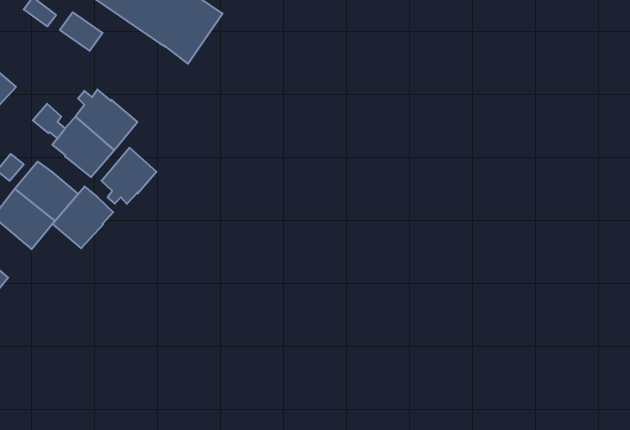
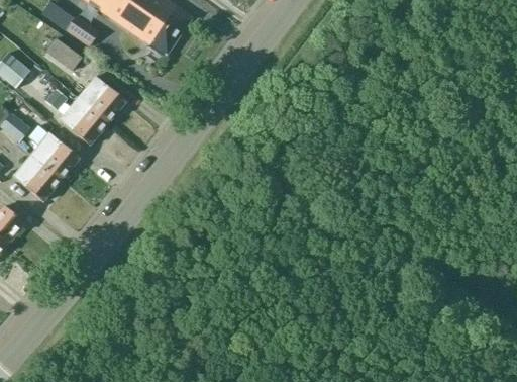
building: none -> [44,36,81,70]
building: [101,148,157,204] -> none
building: [53,186,113,248] -> none

